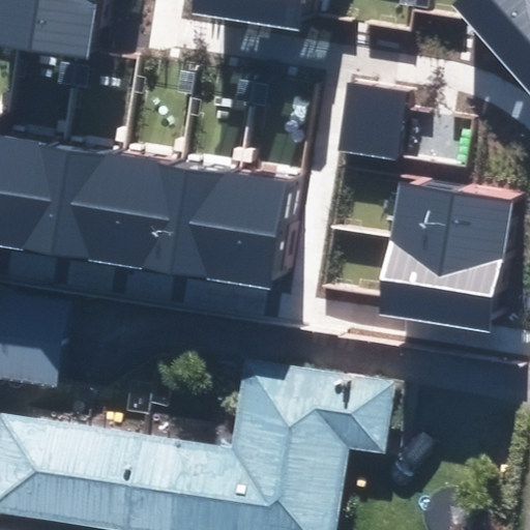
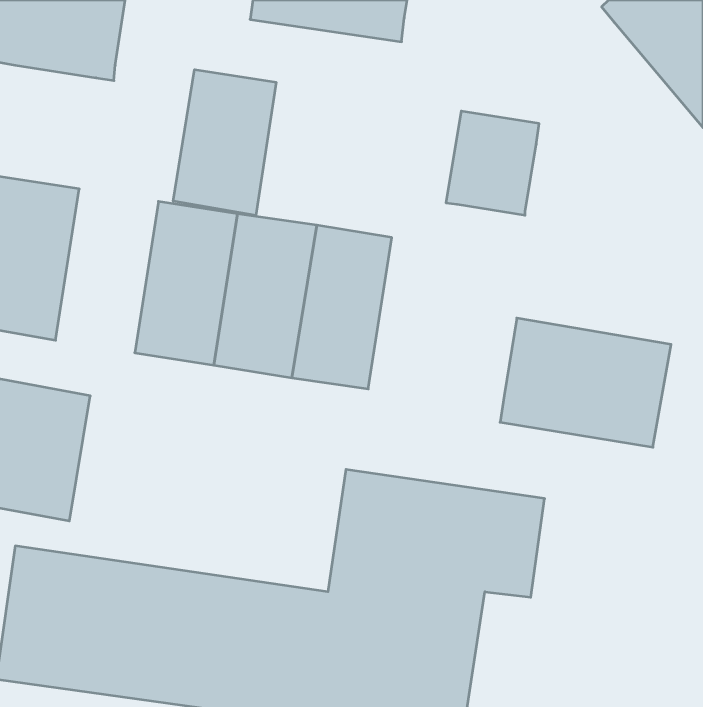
building: none -> [173,70,276,216]
building: [41,143,118,265] -> none
building: [385,177,510,259] -> none

